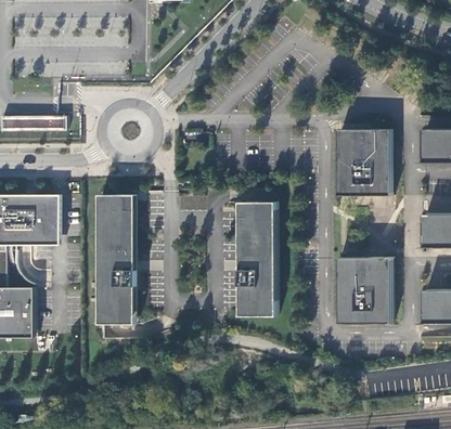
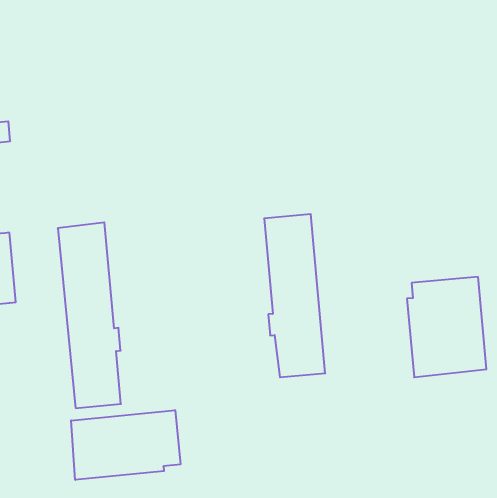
building: [338,128,390,195] -> none
building: none -> [71,410,180,480]

